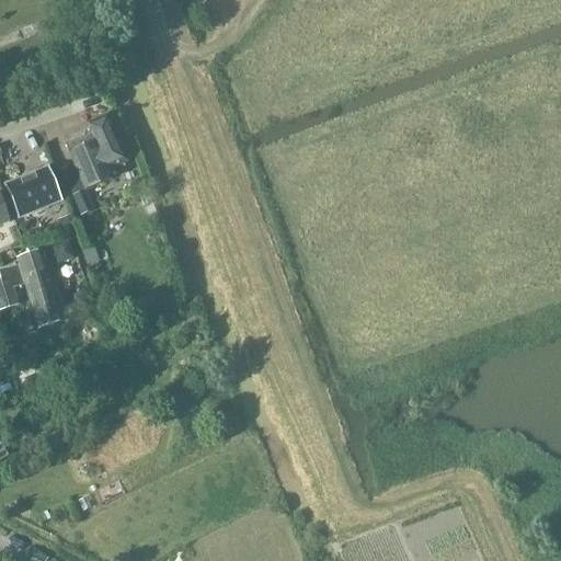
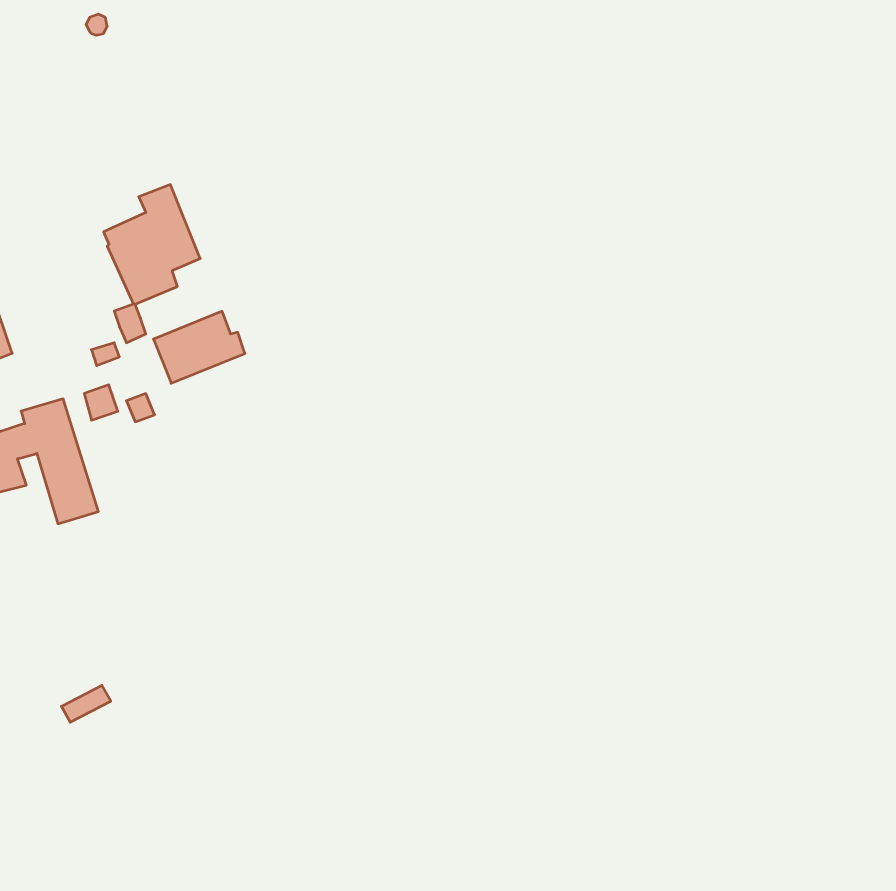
building: [7,171,64,216] -> [153,311,245,383]

